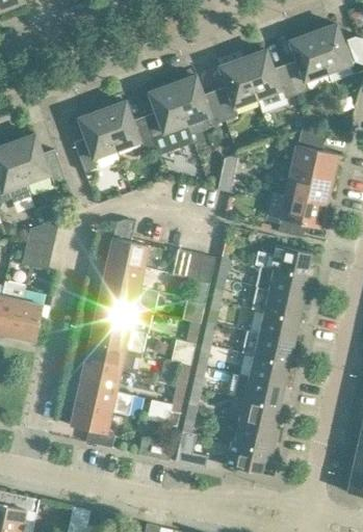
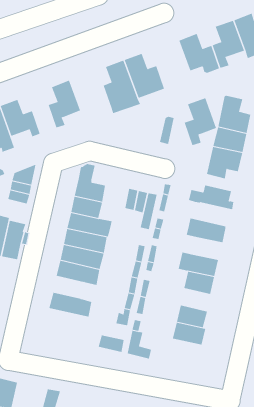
building: [213,58,256,121] -> [184,98,217,146]
building: [101,101,154,151] -> none
building: [256,266,311,298] -> none
building: [258,312,299,341] -> none
building: [79,362,120,391] -> none
building: [227,374,283,407] -> none
building: [69,403,113,447] -> none
building: [225,442,271,473] -> none

